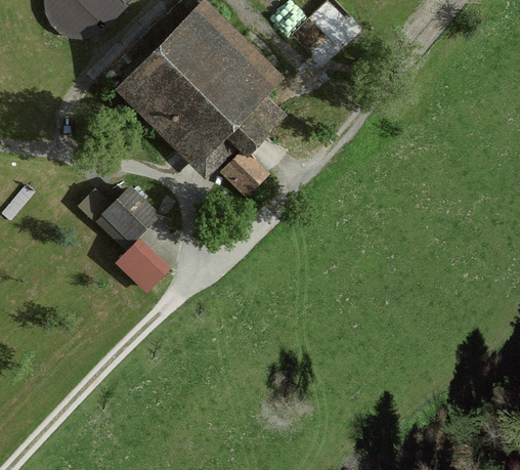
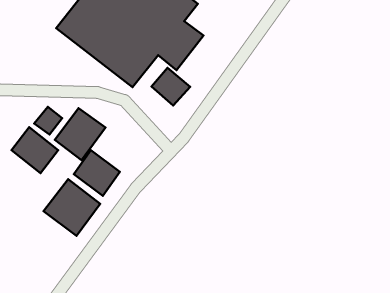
building: none -> [11,127,58,173]
building: none -> [44,179,100,236]

